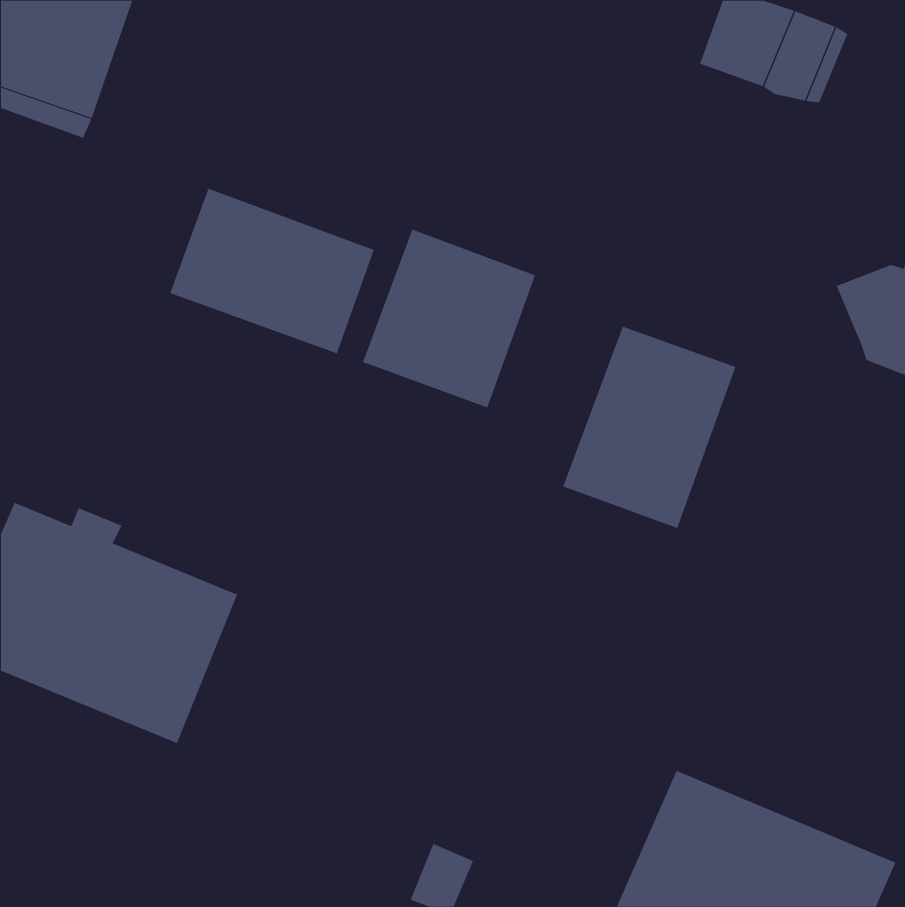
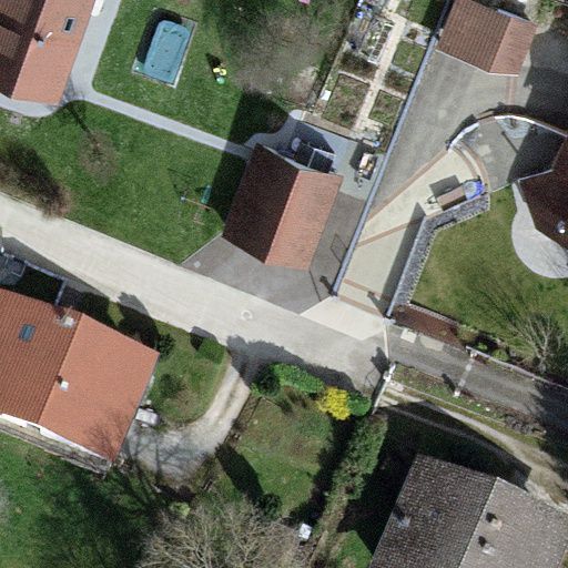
building: [169,188,375,354] -> none
building: [563,326,736,529] -> none

